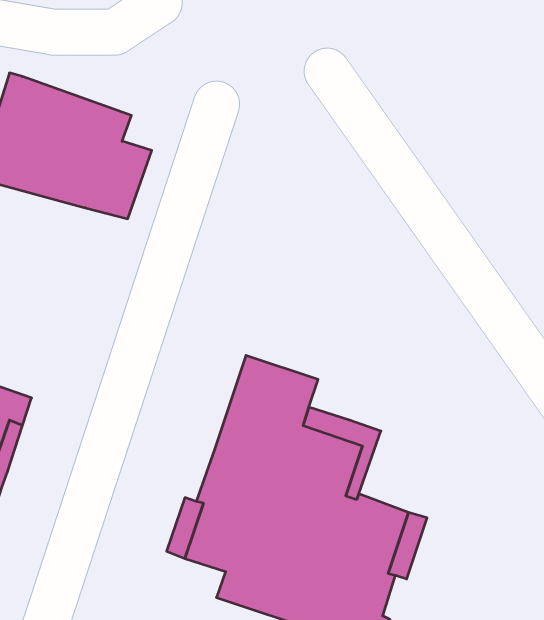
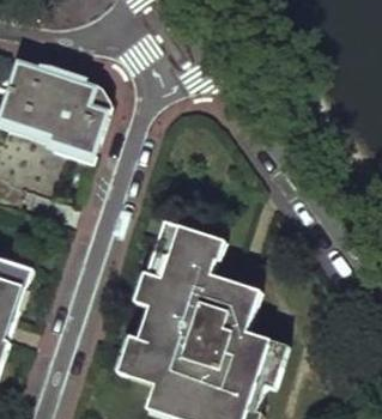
building: none -> [140,223,226,304]

